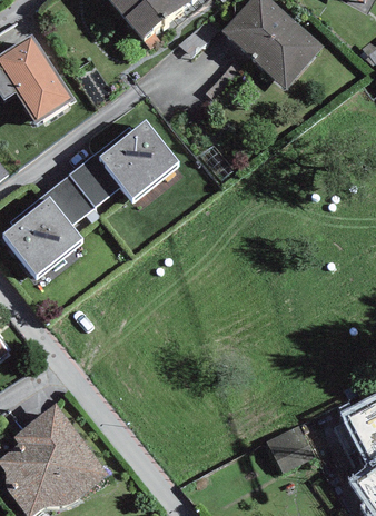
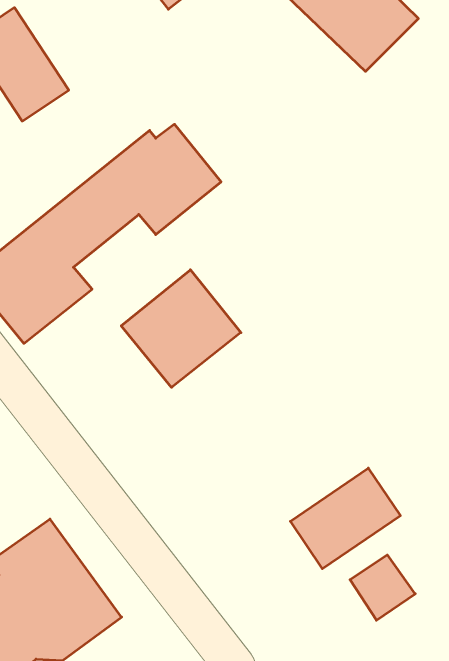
building: none -> [121,270,241,387]
building: none -> [290,468,400,569]

